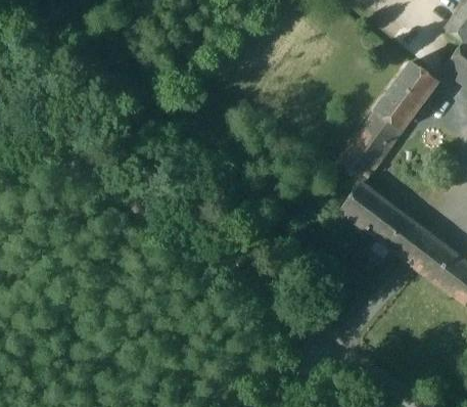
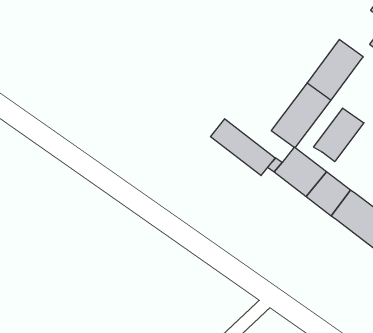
building: none -> [314,108,364,162]
building: none -> [211,119,275,176]

